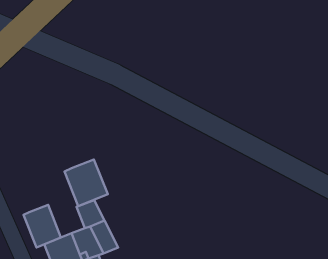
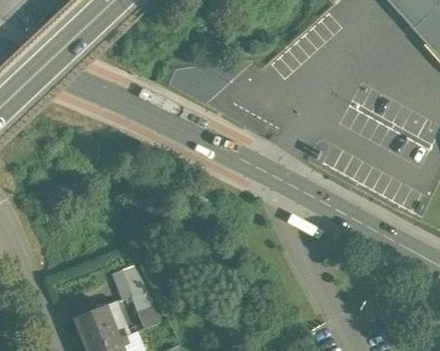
building: [64,159,108,206] -> none
building: [23,205,61,247] -> none

